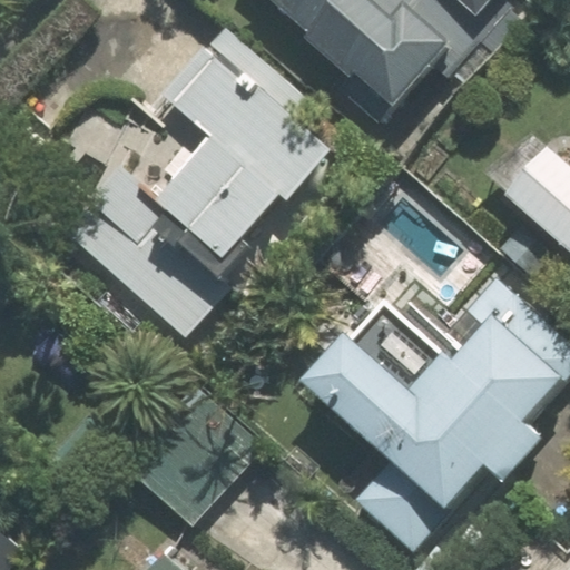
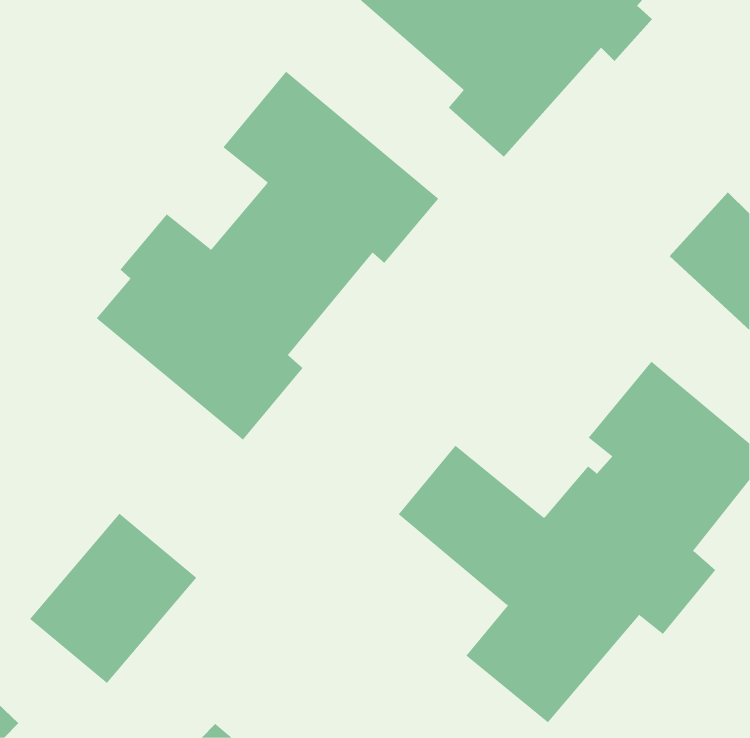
building: [132,391,259,520] -> [29,513,197,684]

